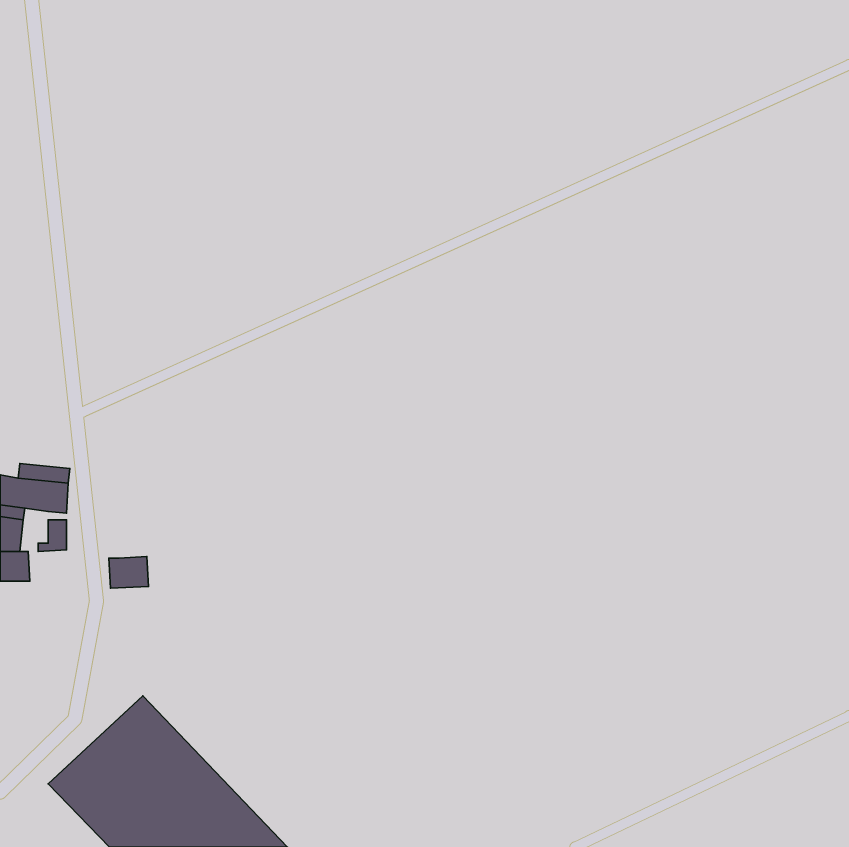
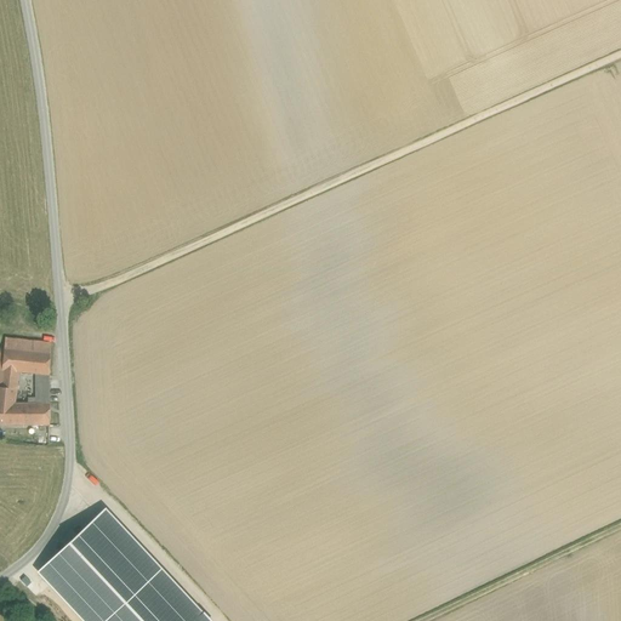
building: [109,557,149,588] -> [21,401,50,425]

